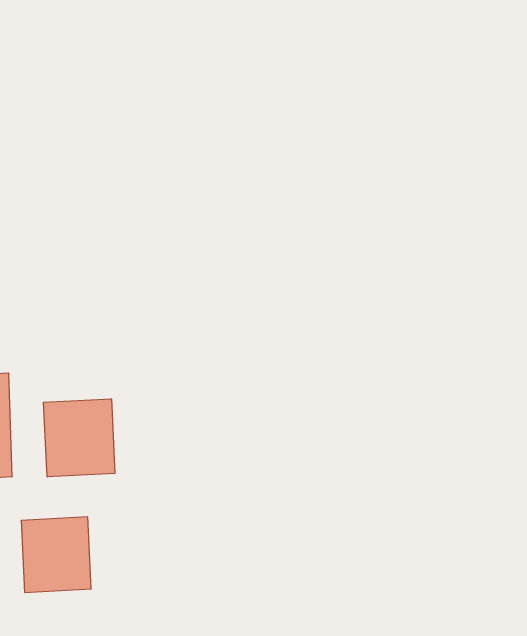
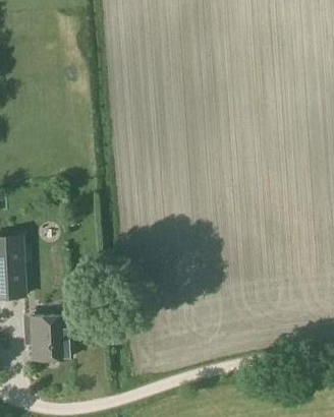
building: [44,399,115,477] -> none

